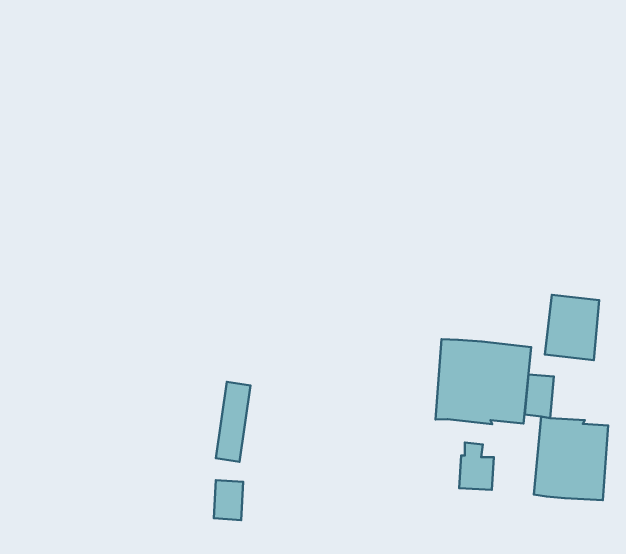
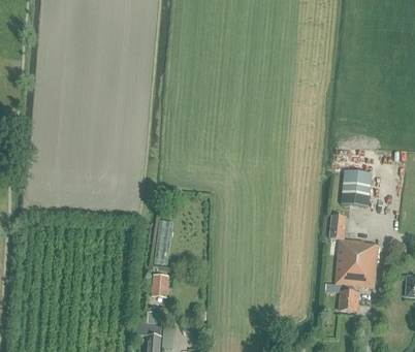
building: [436,339,531,424] -> none
building: [459,443,494,490] -> [338,284,357,311]

